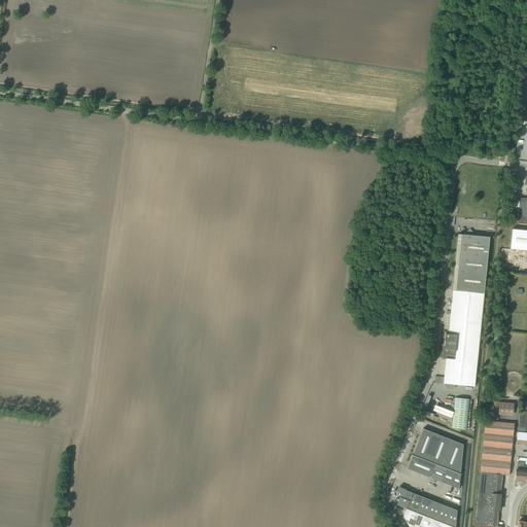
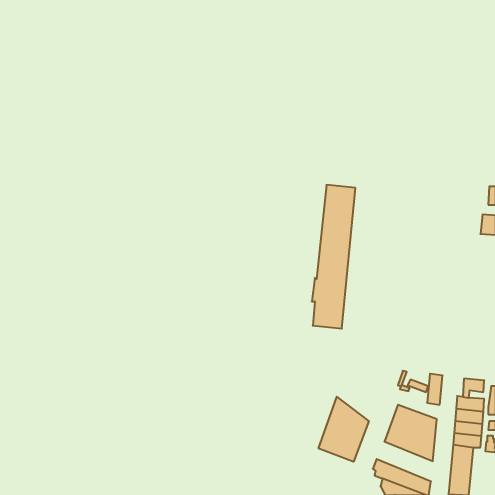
building: [444,234,490,386] -> [312,185,355,329]
building: none -> [319,397,369,462]

